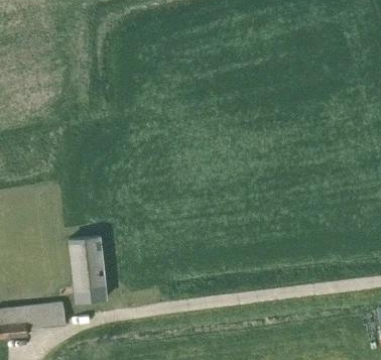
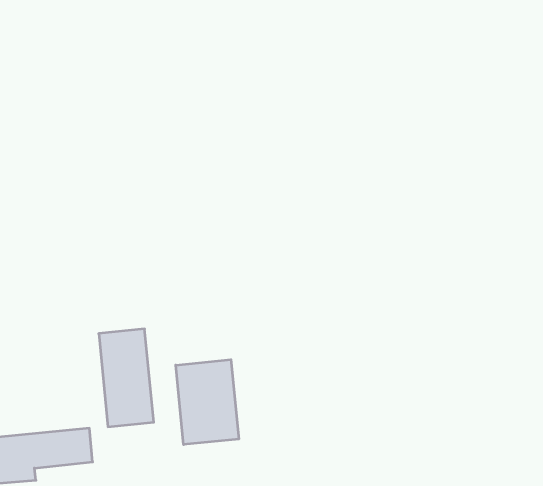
building: none -> [176,360,239,445]

